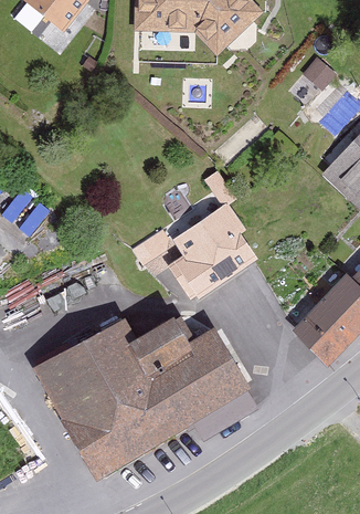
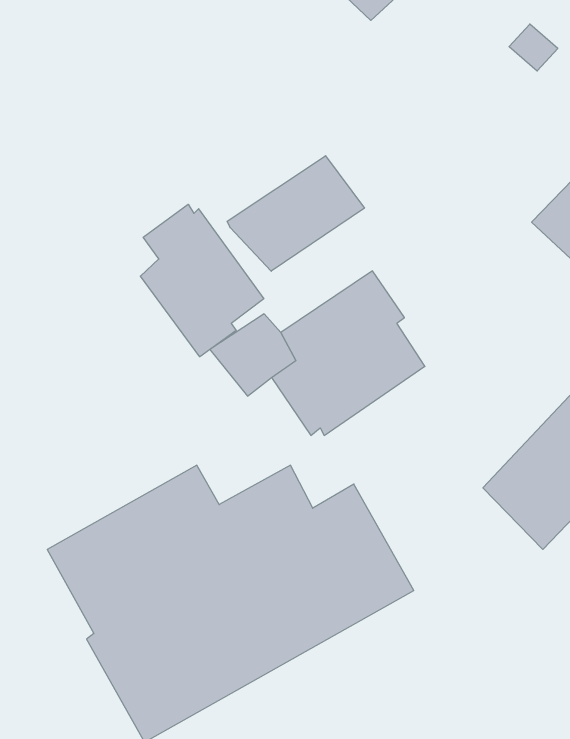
building: none -> [227,156,364,271]
building: none -> [140,204,264,357]

